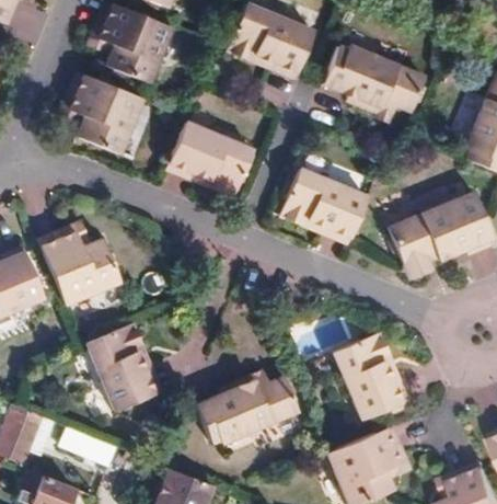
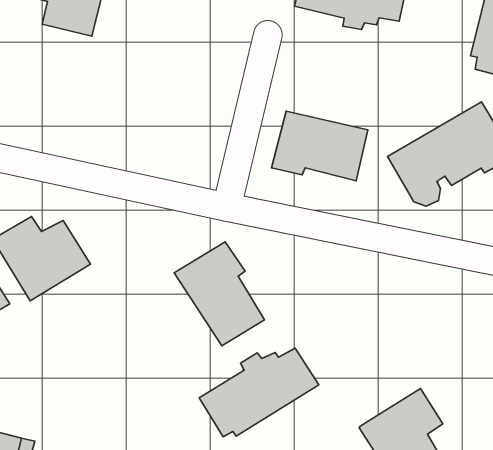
building: [72,79,142,156] -> none
building: [170,125,256,199] -> none
building: [86,318,157,405] -> [174,242,264,346]
building: [332,327,400,412] -> none

